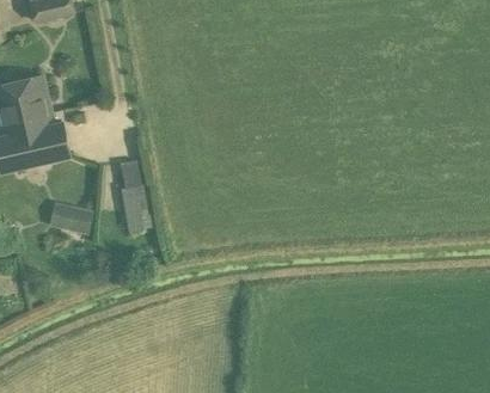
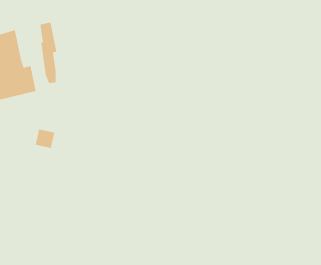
building: [118,158,142,241] -> [40,22,57,83]

